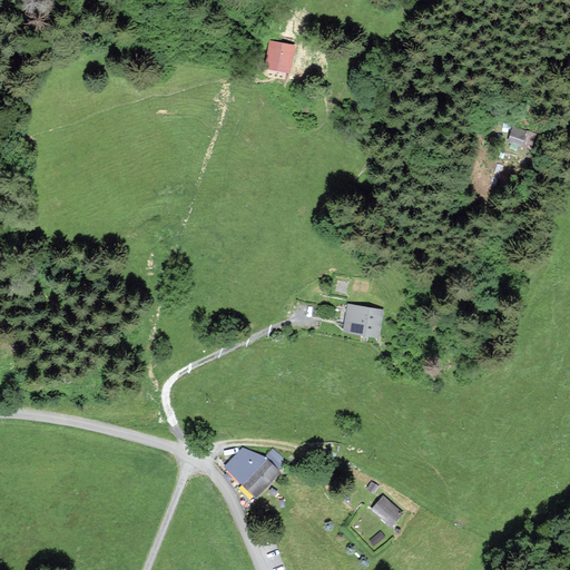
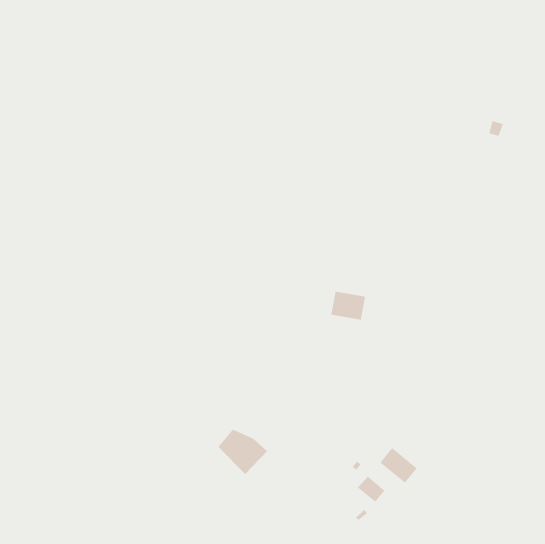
building: [267,41,293,70] -> none
building: none -> [380,447,417,484]

